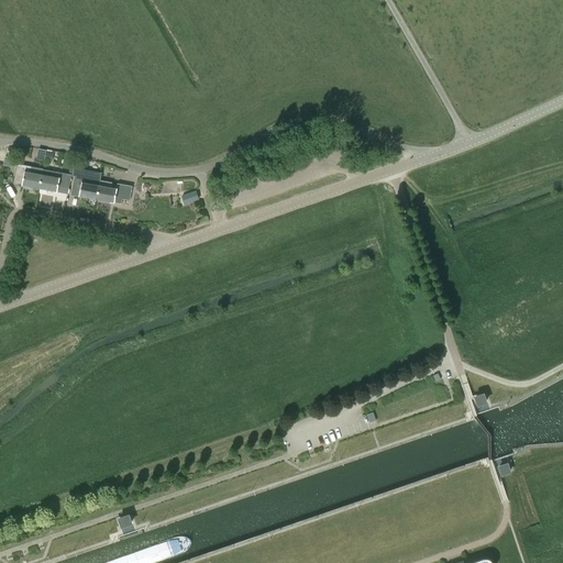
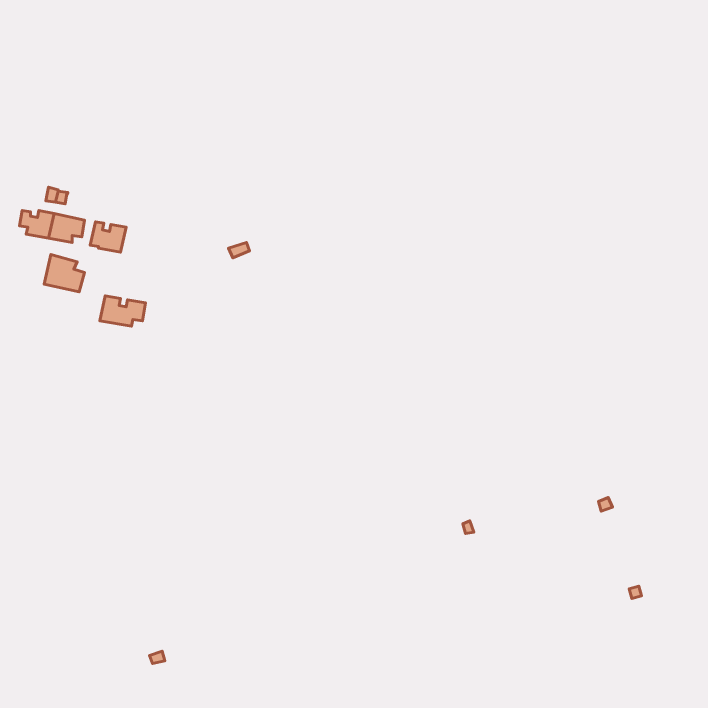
building: [96,180,132,205] -> [100,296,145,326]
building: none -> [44,255,84,292]

